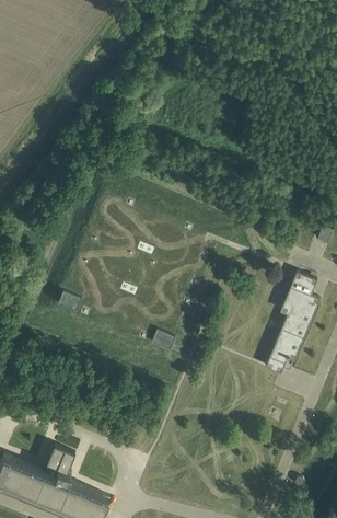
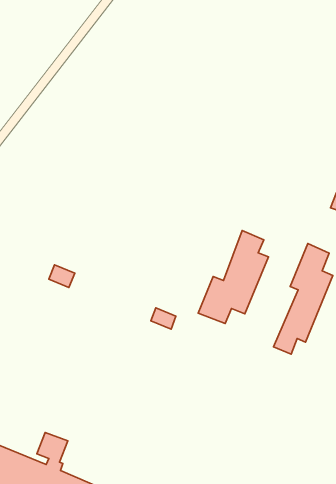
building: none -> [198,231,268,324]

